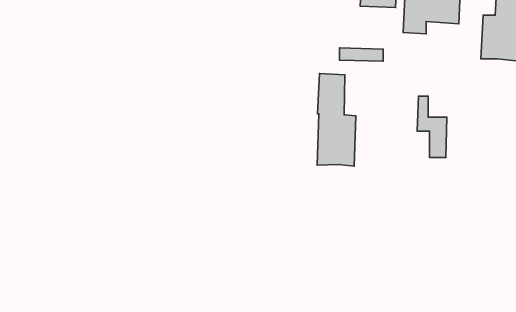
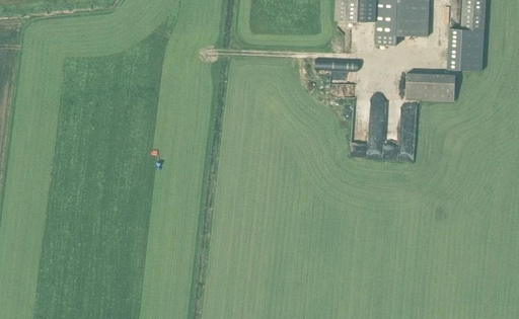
building: none -> [405,72,455,100]
building: [317,74,356,166] -> none

